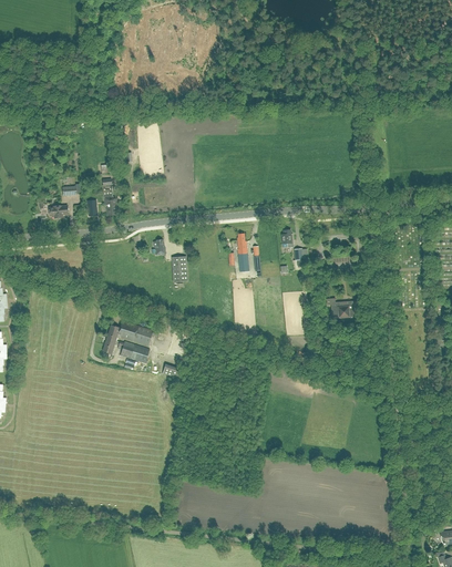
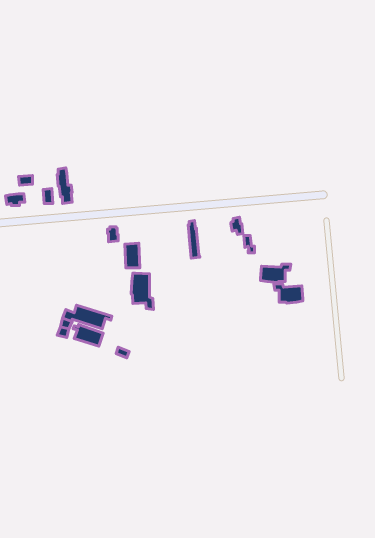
building: none -> [260,264,291,282]
building: none -> [131,273,153,310]

